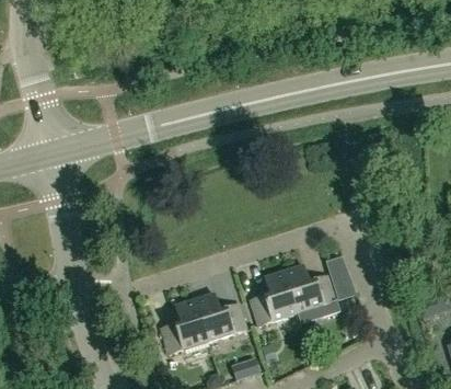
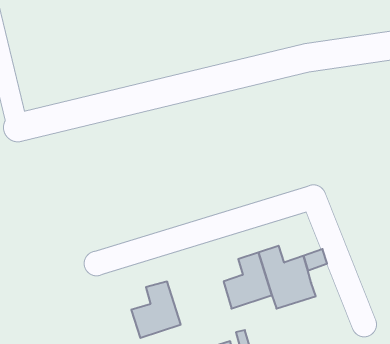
building: [195,293,246,341] -> none

